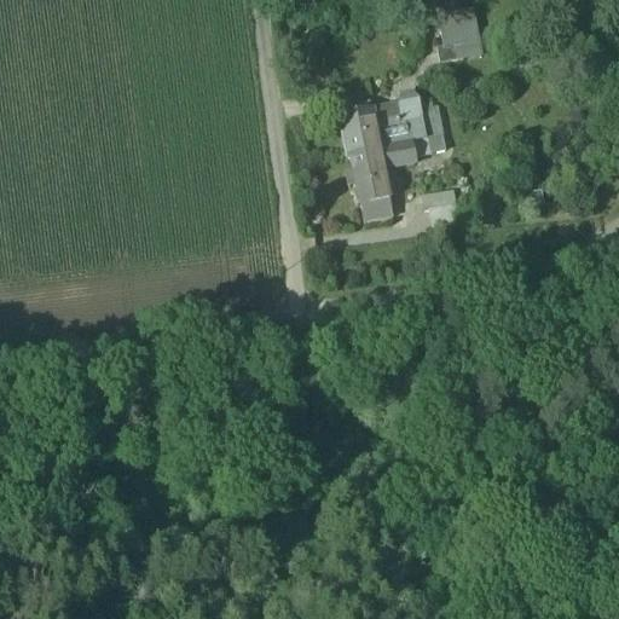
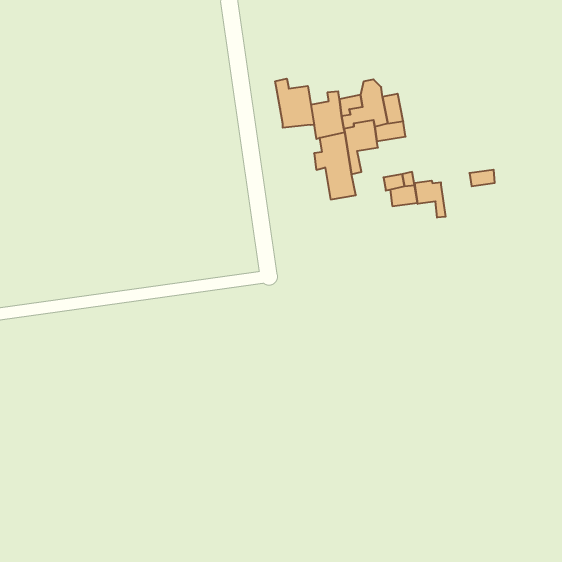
building: [436,6,481,60] -> none
building: none -> [275,79,314,128]
building: none -> [415,181,446,218]

